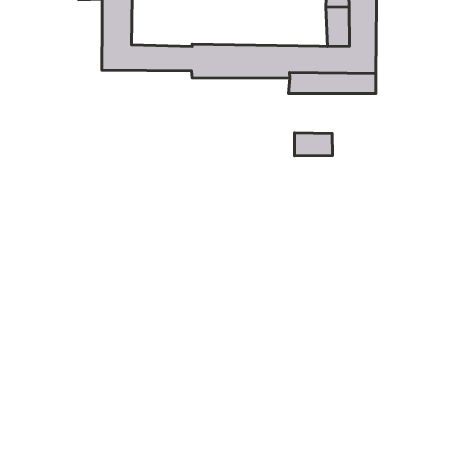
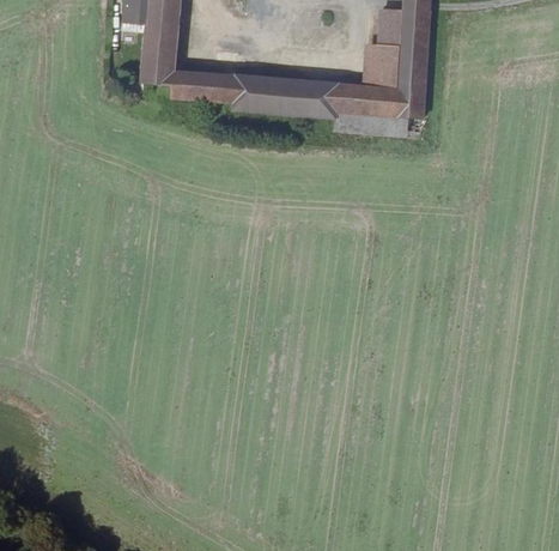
building: [295,133,332,156] -> none

